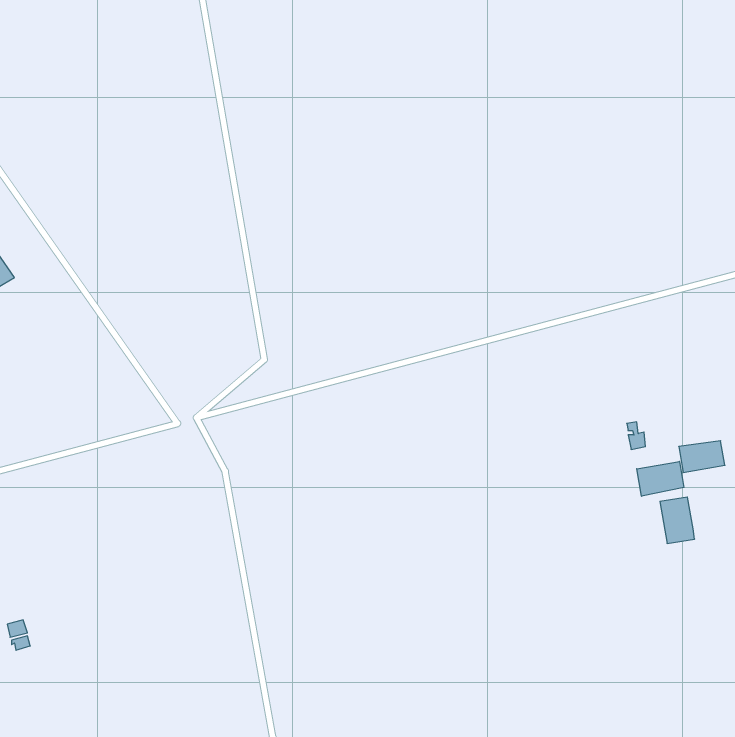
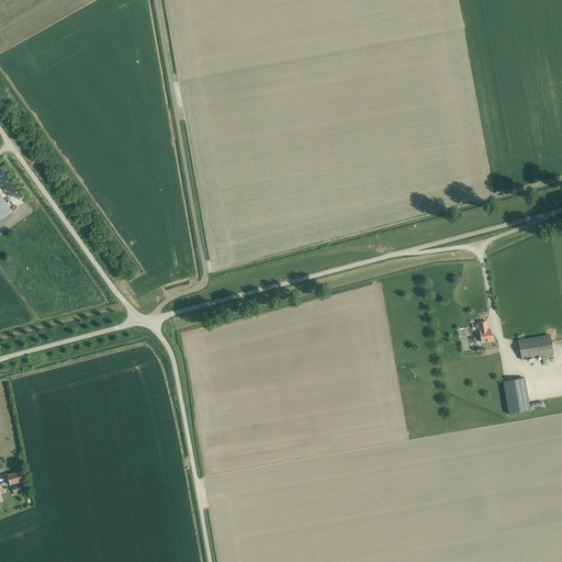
building: [637,461,684,496] -> none

